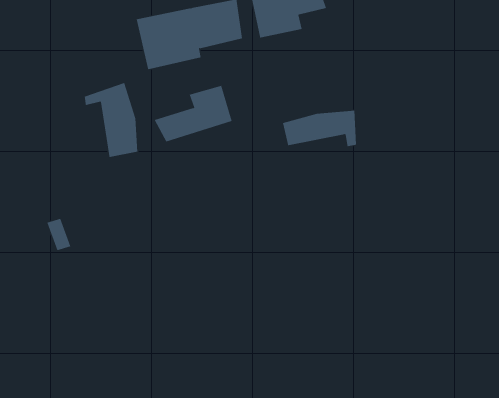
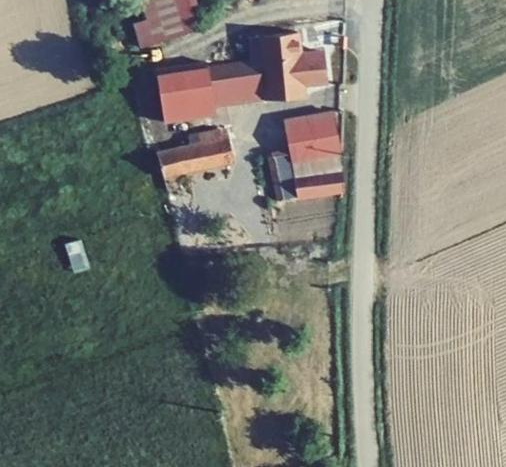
building: none -> [287,112,345,165]
building: [84,82,138,158] -> none

